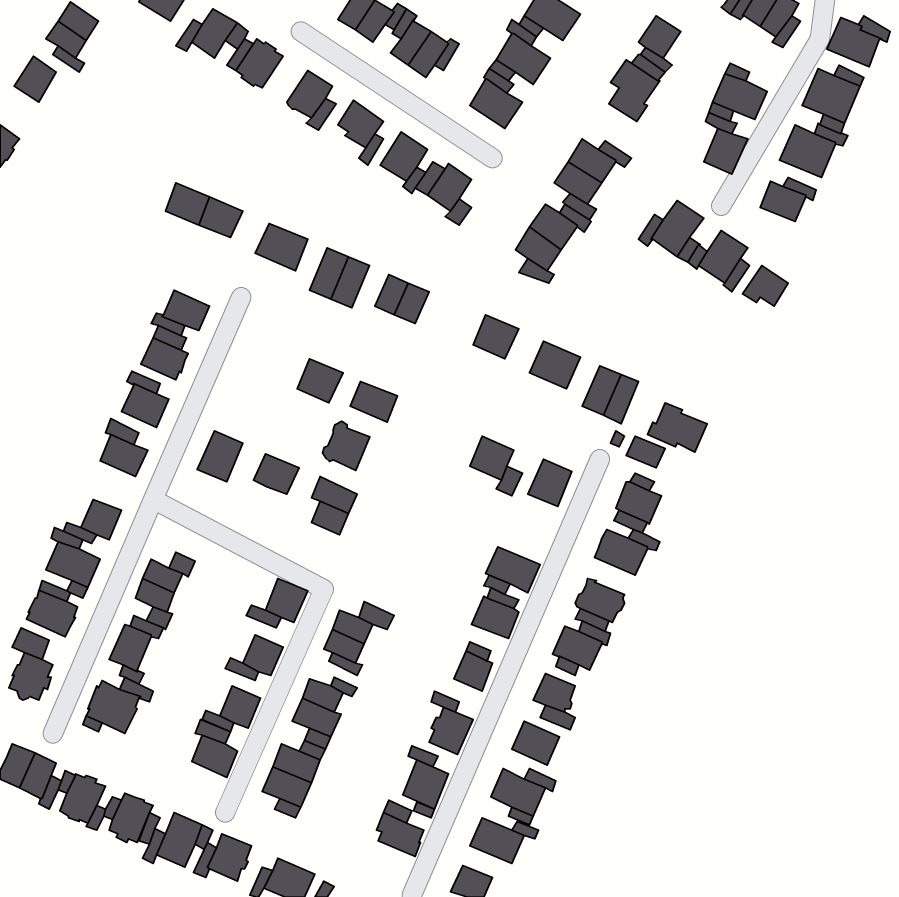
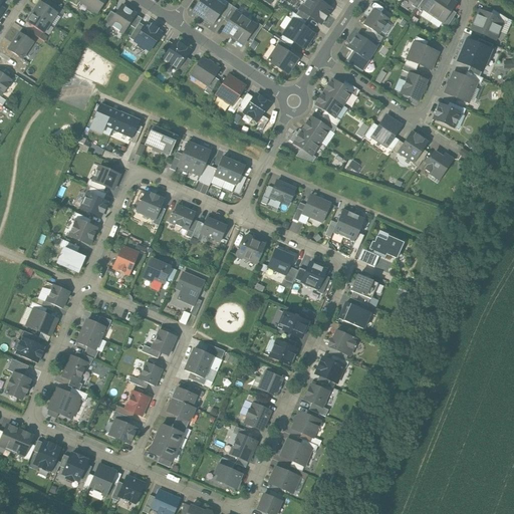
building: none -> [138,192,164,219]
building: [322,421,370,470] -> [237,235,264,263]

